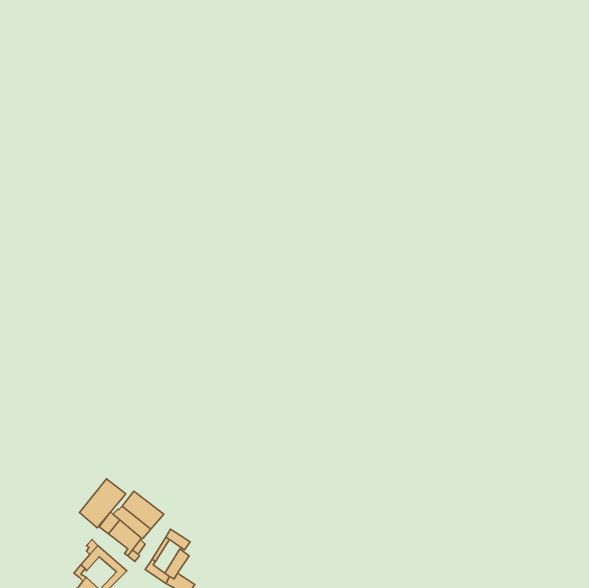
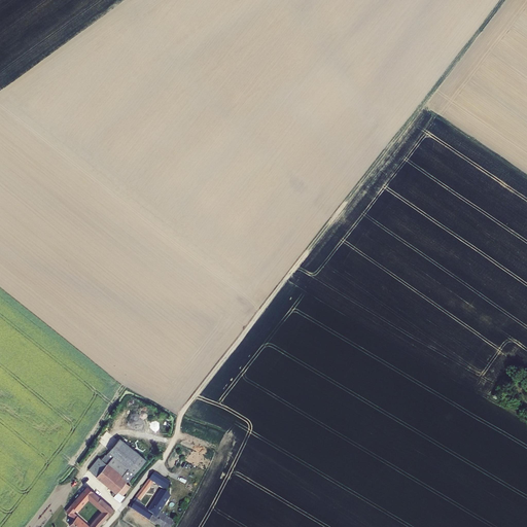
building: [79,479,126,528] -> none

